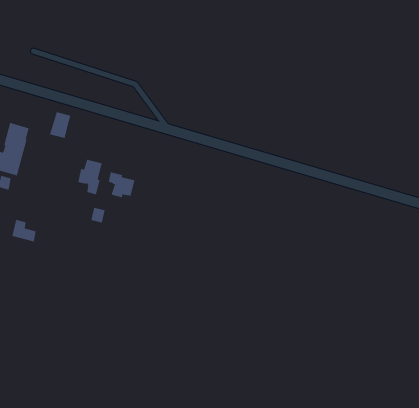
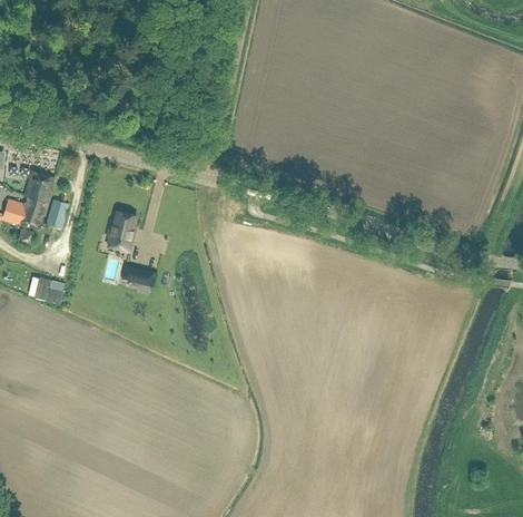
building: [49,111,71,138] -> [45,198,69,228]
building: [108,172,135,198] -> none

